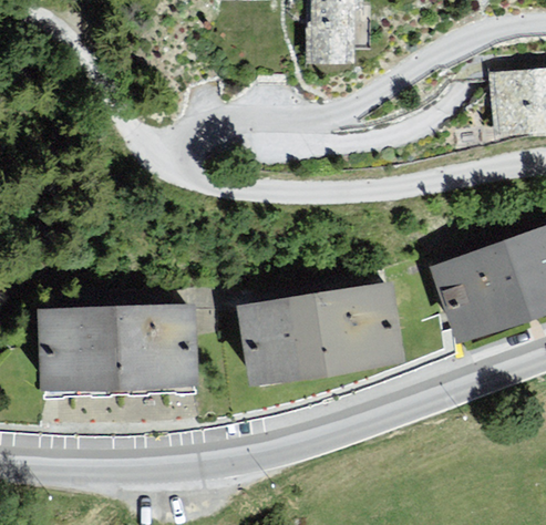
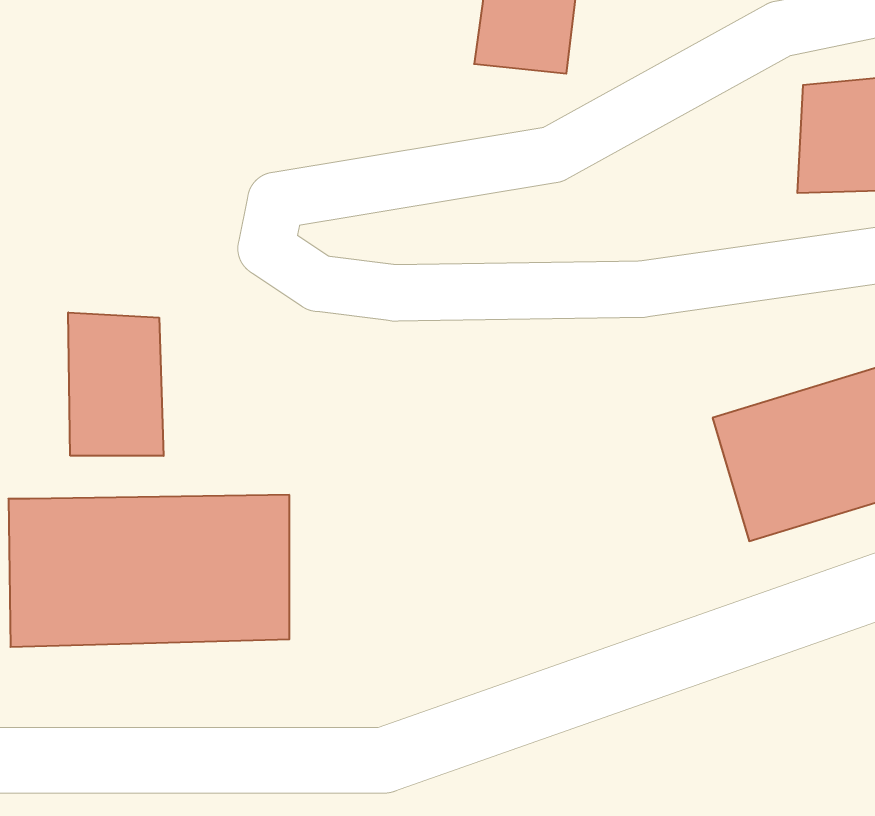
building: none -> [68,312,164,456]
building: [234,285,395,379] -> none

